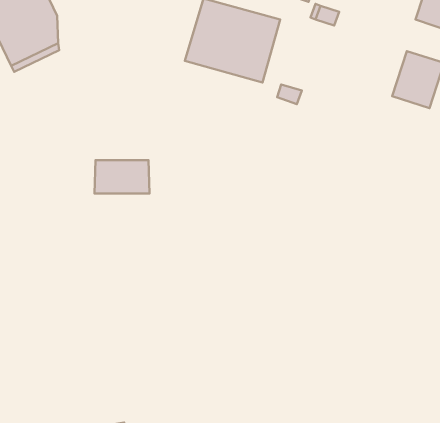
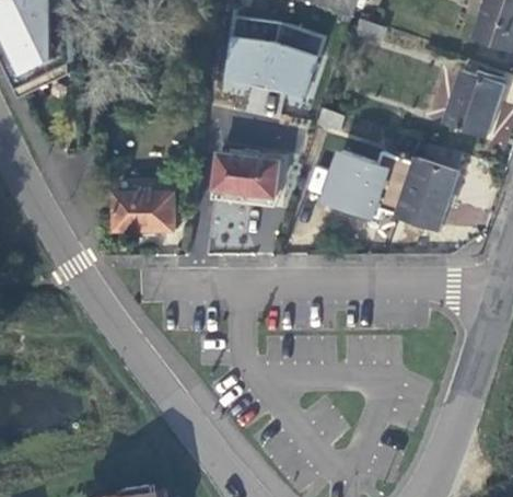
building: none -> [323,151,457,228]
building: none -> [213,153,278,196]

